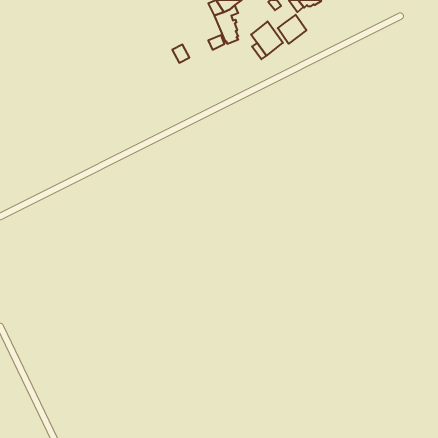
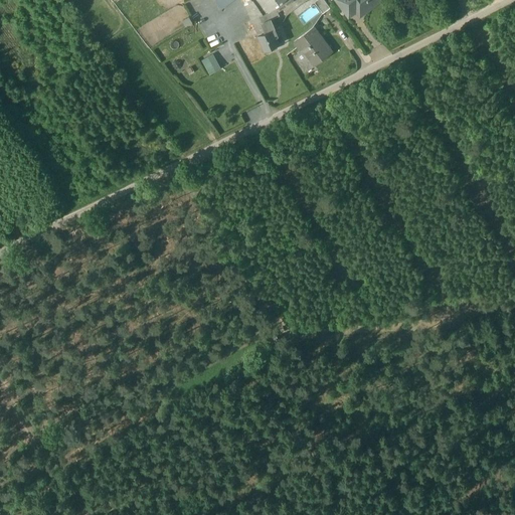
building: [278,15,306,44] -> none

